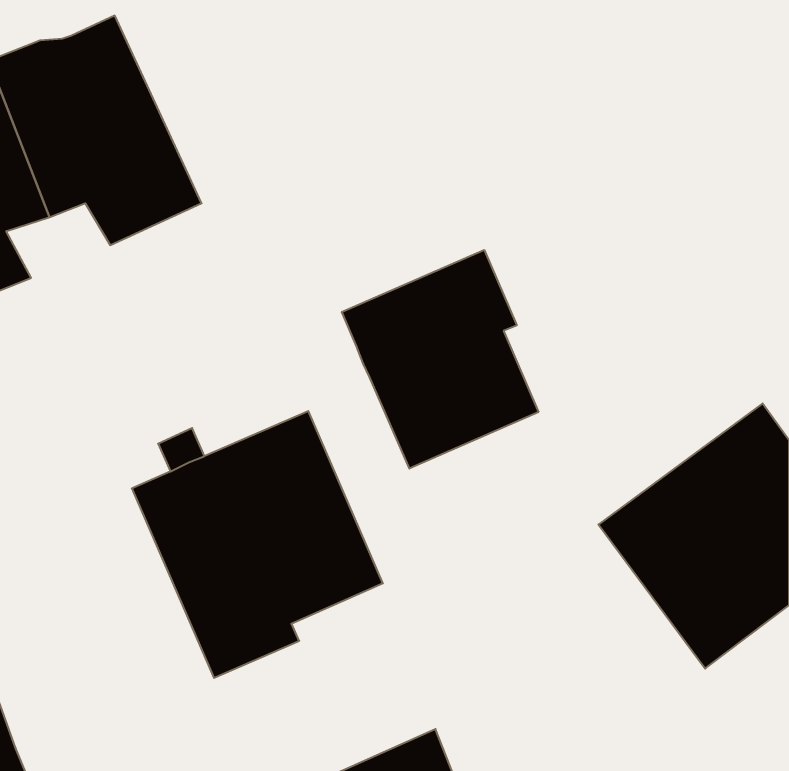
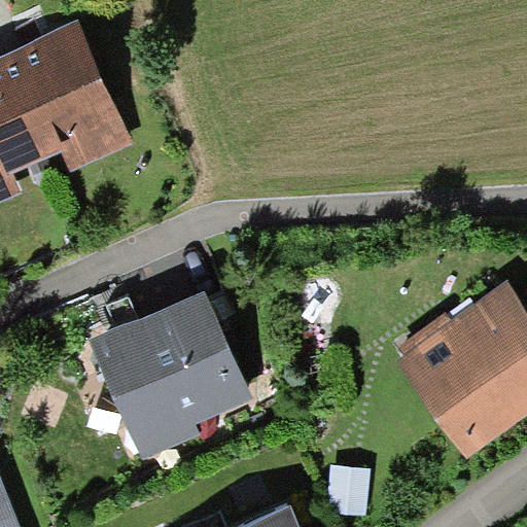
building: [342,250,538,469] -> none

